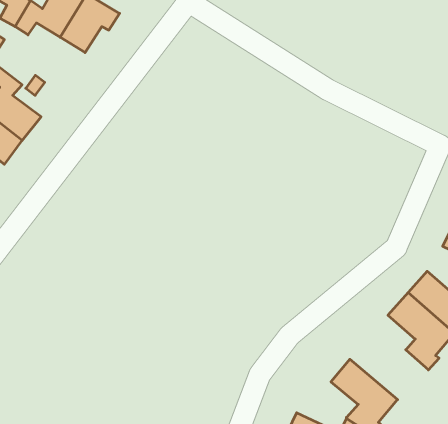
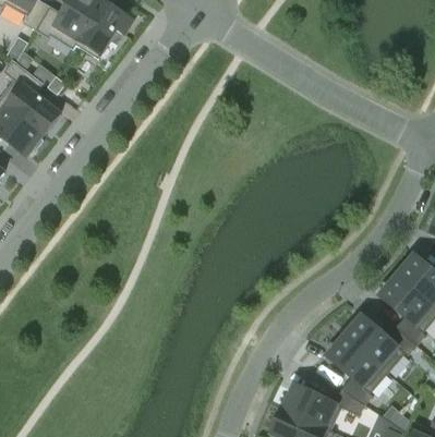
building: none -> [343,314,415,372]

